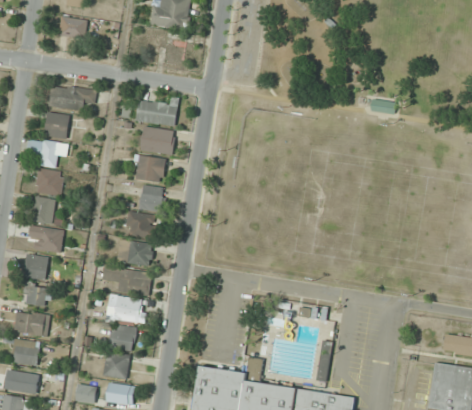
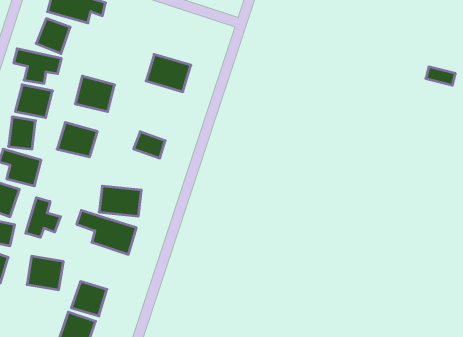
building: [135,97,177,126] -> none
building: [134,155,164,181] -> [75,76,115,112]
building: [125,212,156,237] -> [57,123,97,157]
building: none -> [26,198,61,237]
building: [113,298,140,322] -> [27,256,63,290]

